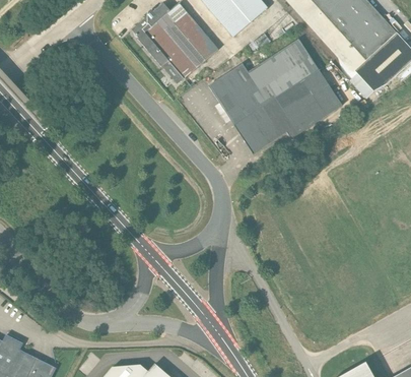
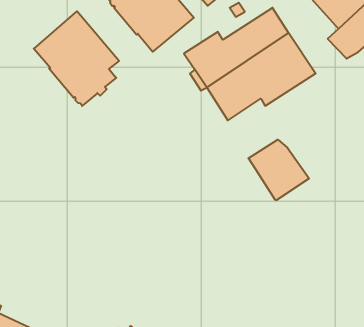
building: none -> [34,11,119,106]
building: none -> [248,140,309,200]

